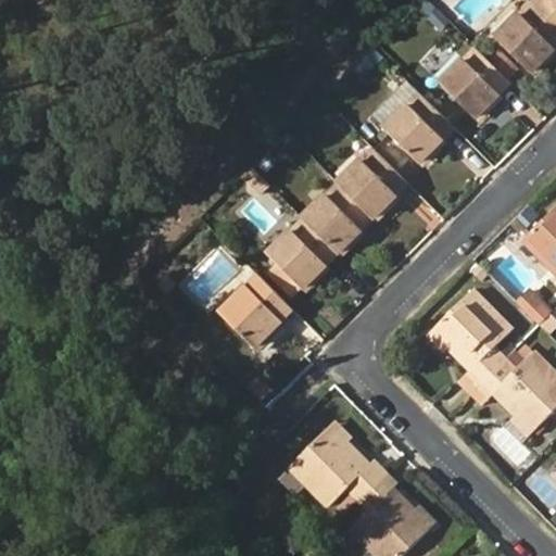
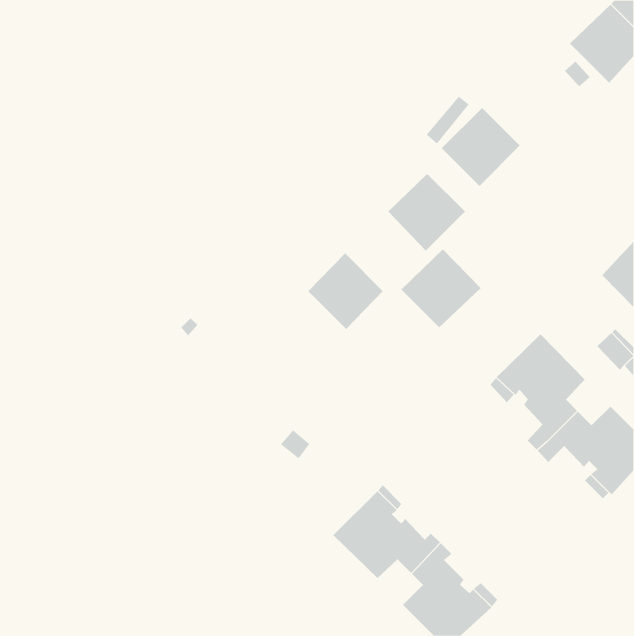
building: [440,49,509,118] -> none
building: [301,185,371,254] -> [401,248,482,328]
building: [220,276,291,348] -> none

